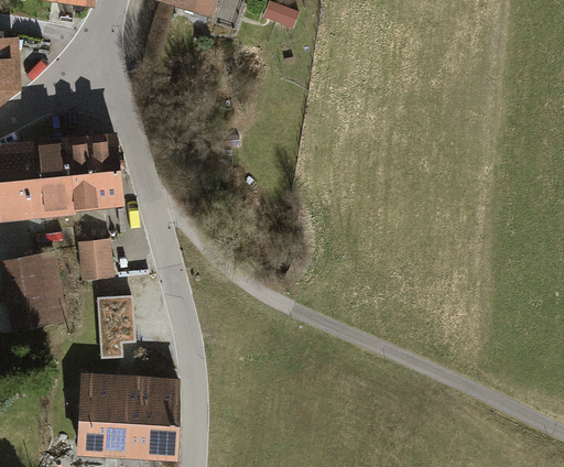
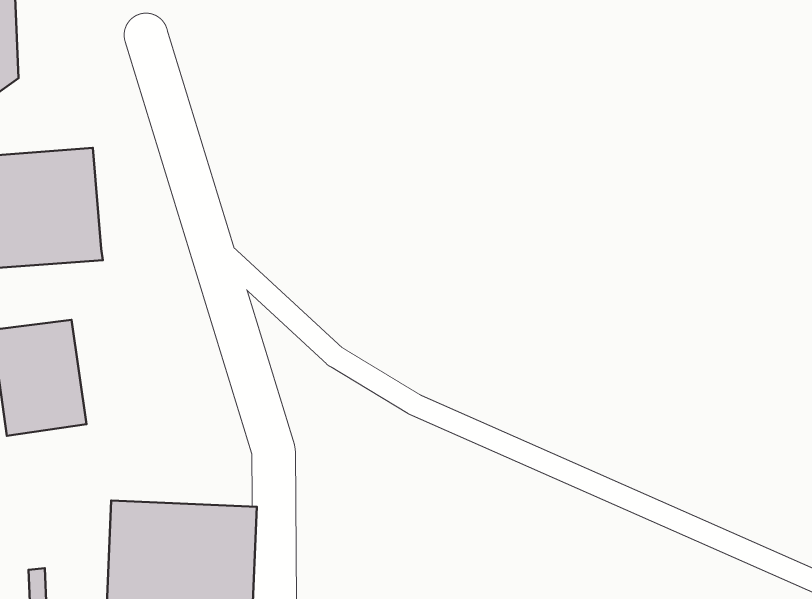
building: [67,131,124,207] -> none
building: [78,239,113,280] -> none
building: [101,293,139,359] -> none

